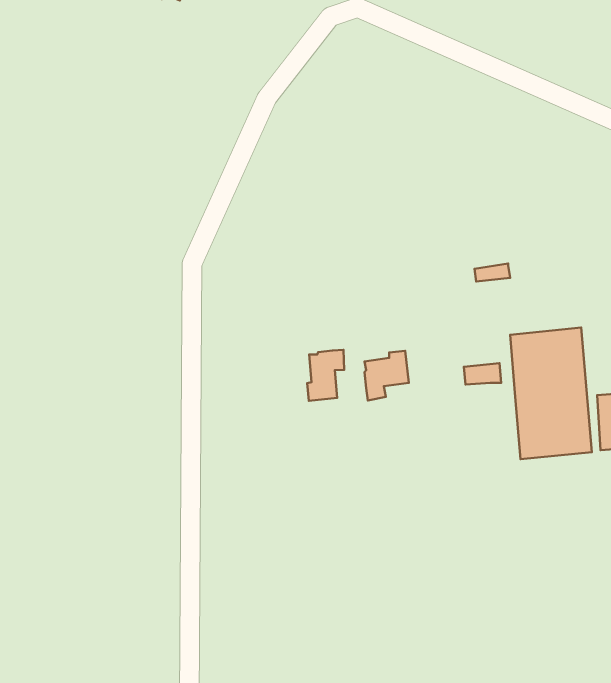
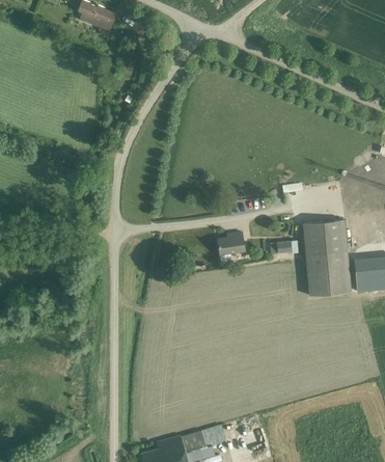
building: [307,350,344,401] -> none

